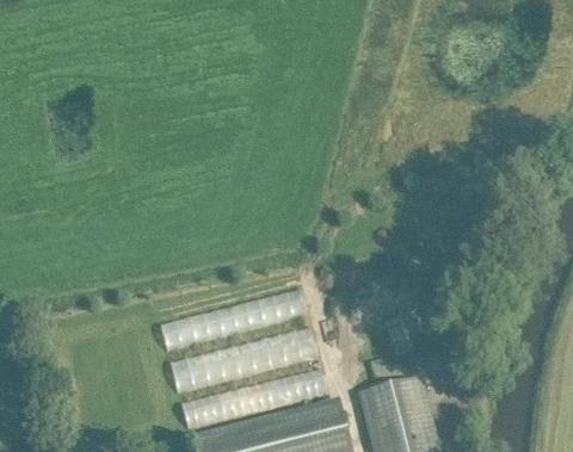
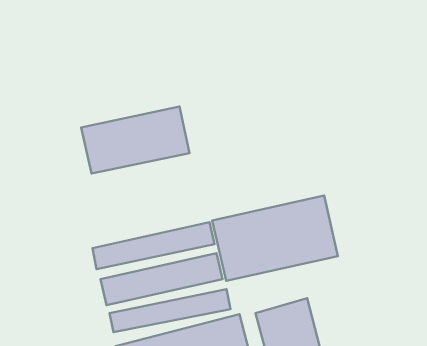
building: none -> [81,107,189,174]
building: none -> [212,195,338,281]

